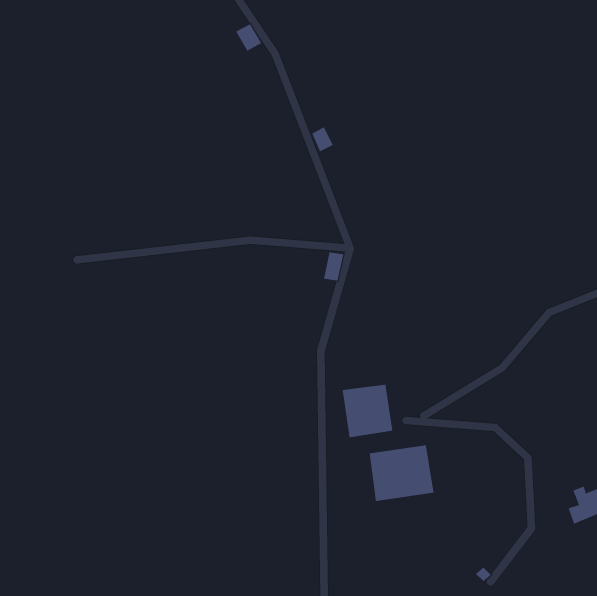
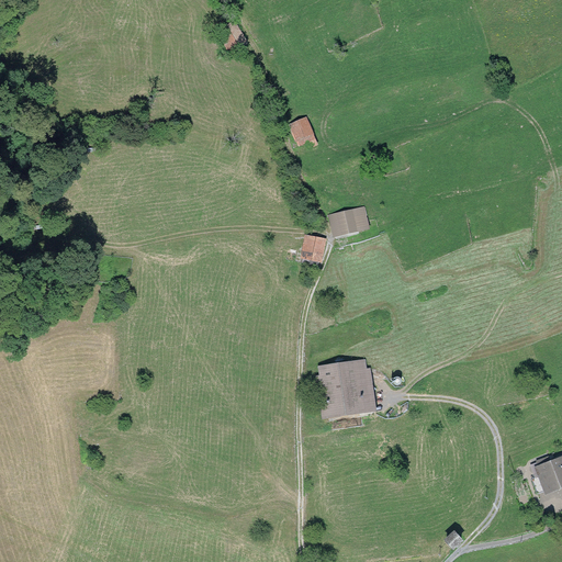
building: none -> [331,207,368,232]
building: [369,445,434,502] -> none

